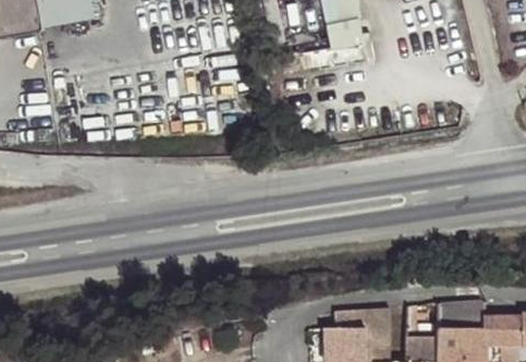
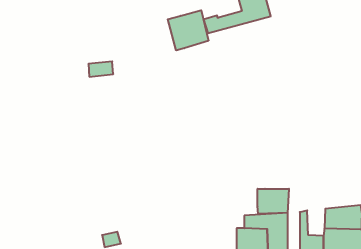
building: none -> [168,10,208,50]
building: none -> [258,189,289,214]

